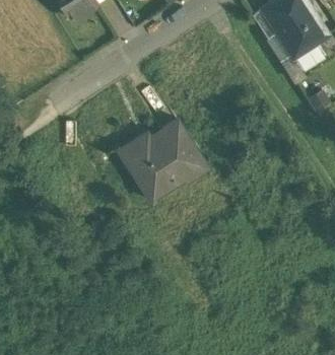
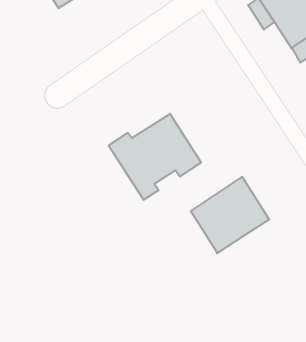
building: none -> [191,177,269,253]

